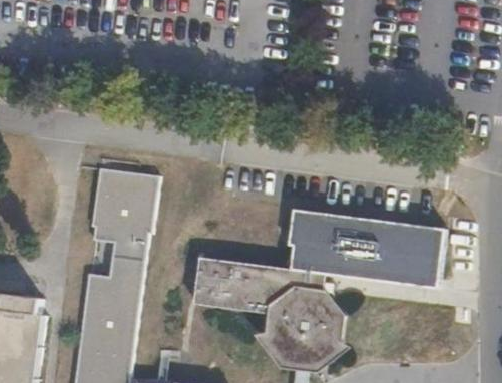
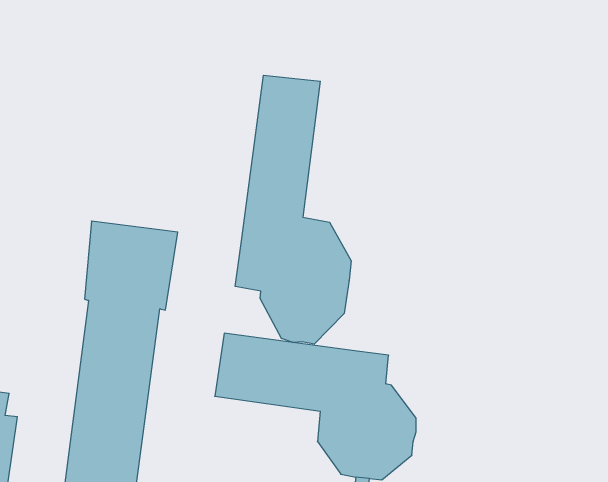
building: none -> [235,75,351,344]
building: [290,214,447,286] -> none

